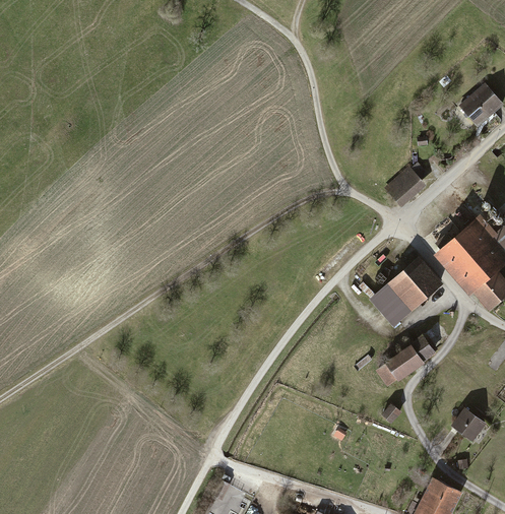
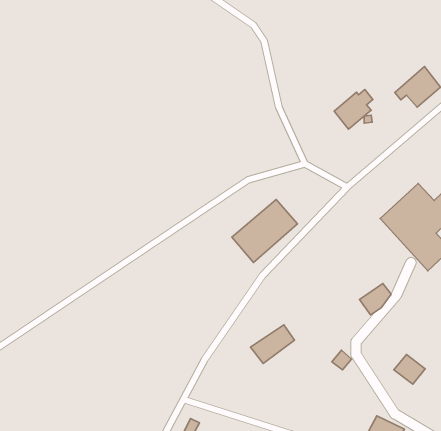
building: [384,163,428,207] -> [334,89,373,129]
building: [369,256,443,327] -> [232,199,298,262]
building: [374,345,424,389] -> [251,325,295,364]

